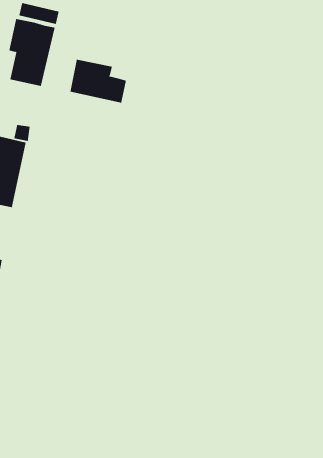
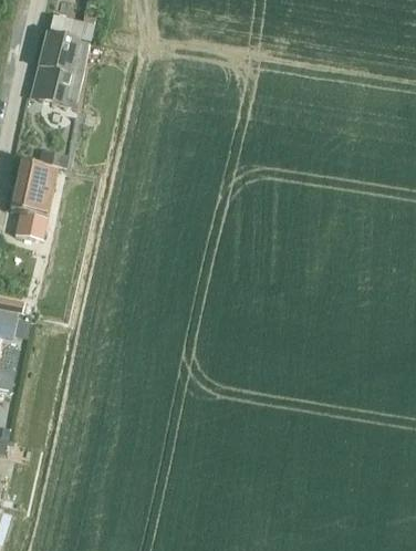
building: [70,59,127,104] -> none

